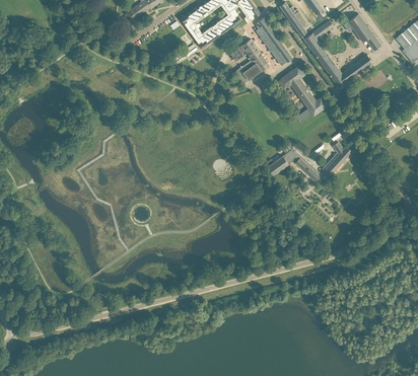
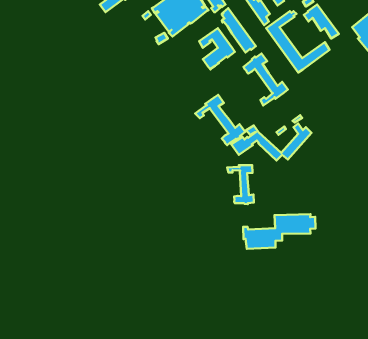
building: none -> [195,95,245,145]
building: none -> [227,165,254,204]
building: none -> [243,214,316,249]

